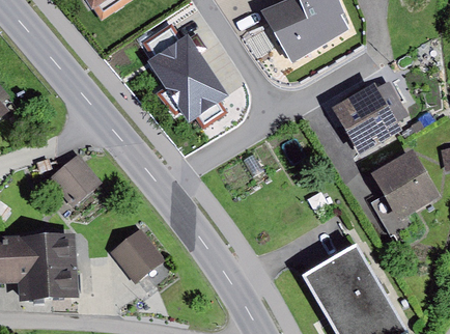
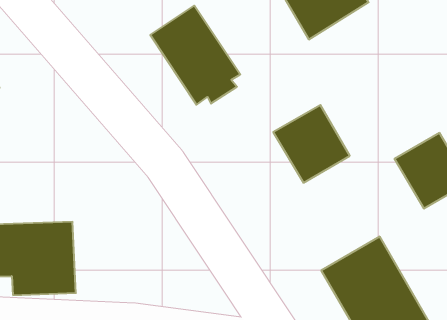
building: [331,84,401,156] -> [273,105,350,183]
building: [47,150,102,205] -> none
building: [107,225,163,281] -> none

